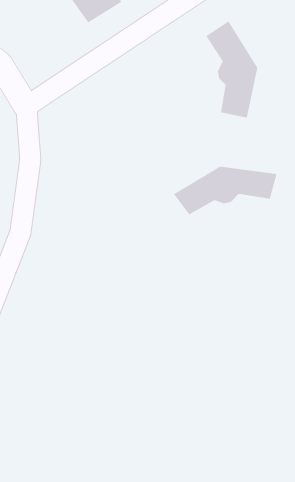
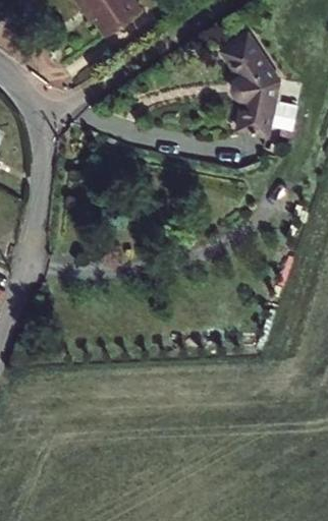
building: [173,166,277,215] -> none

